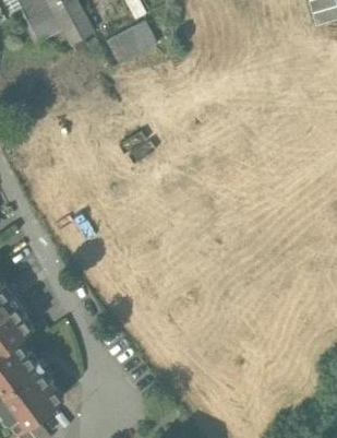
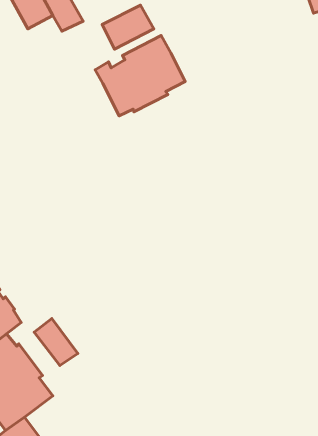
building: none -> [95,36,185,116]
building: none -> [34,319,78,365]

